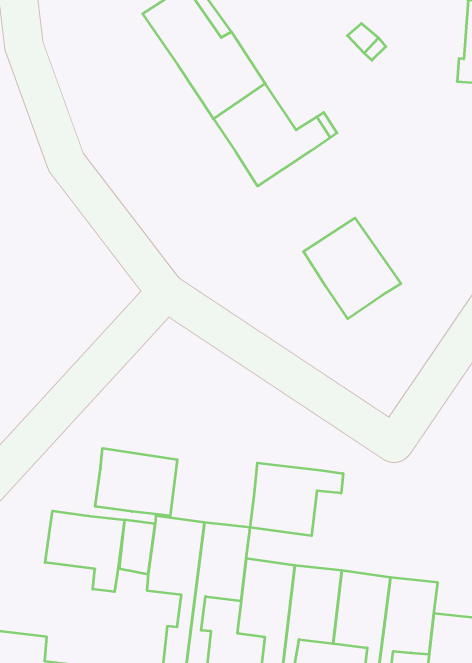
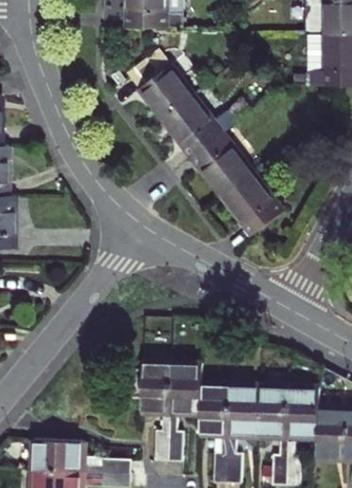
building: none -> [192,133,253,195]
building: [95,448,177,516] -> none
building: [250,463,343,536] -> none
building: [45,511,124,592] -> none

